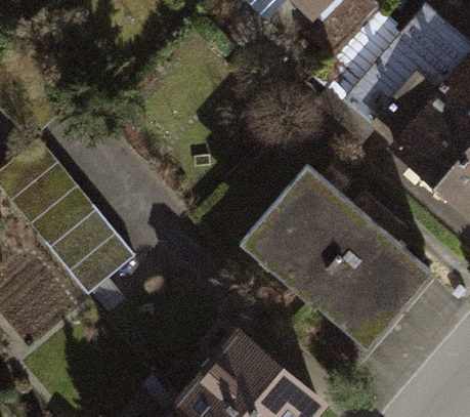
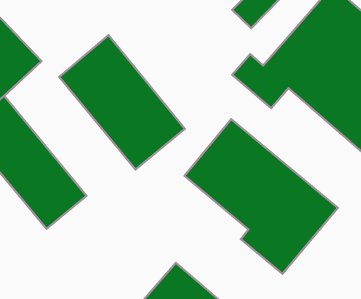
building: none -> [59,35,185,169]

